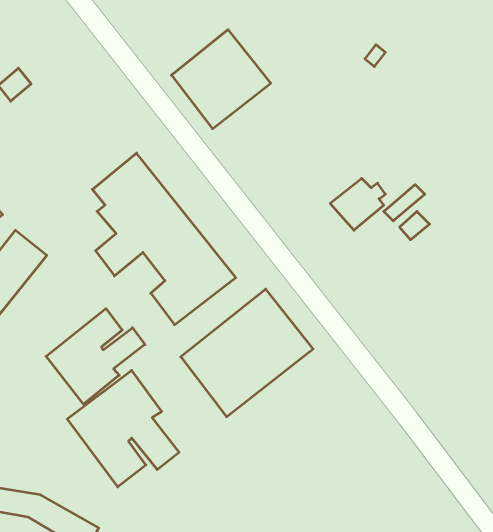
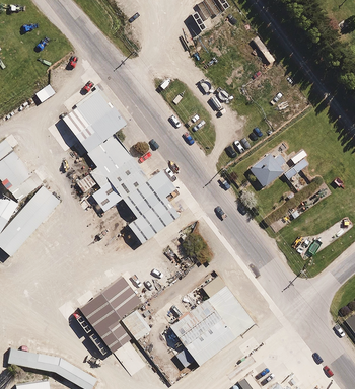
building: [171,30,271,129] -> [64,88,128,152]
building: [181,289,313,417] -> [171,286,257,368]
building: [46,309,145,404] -> none

